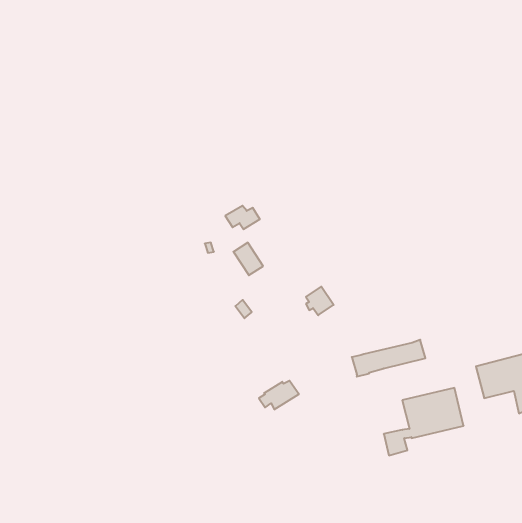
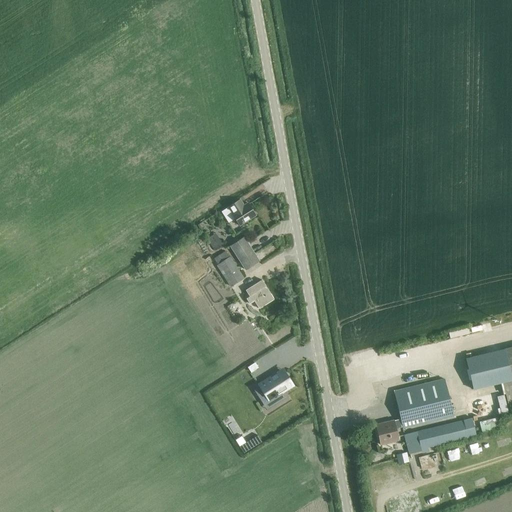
building: none -> [217,257,242,285]
building: [306,287,334,315] -> [246,279,273,307]
building: [352,340,425,377] -> [405,417,477,453]

